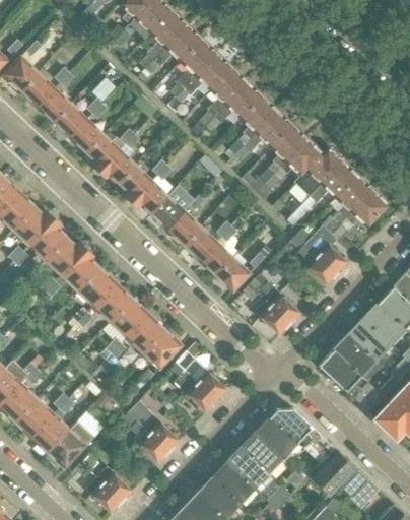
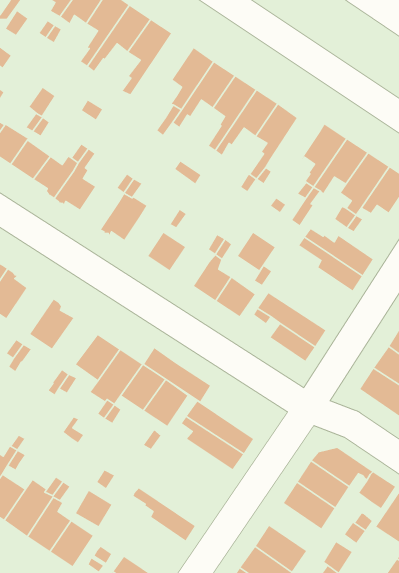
building: [176,53,232,102] -> none
building: [279,138,322,176] -> none
building: [119,166,151,201] -> none
building: [150,196,183,229] -> none
building: [183,226,215,259] -> [237,232,276,271]
building: [45,238,85,275] -> none
building: [77,268,116,306] -> none
building: [128,401,180,452] -> [143,347,211,403]
building: [227,446,269,488] -> none

